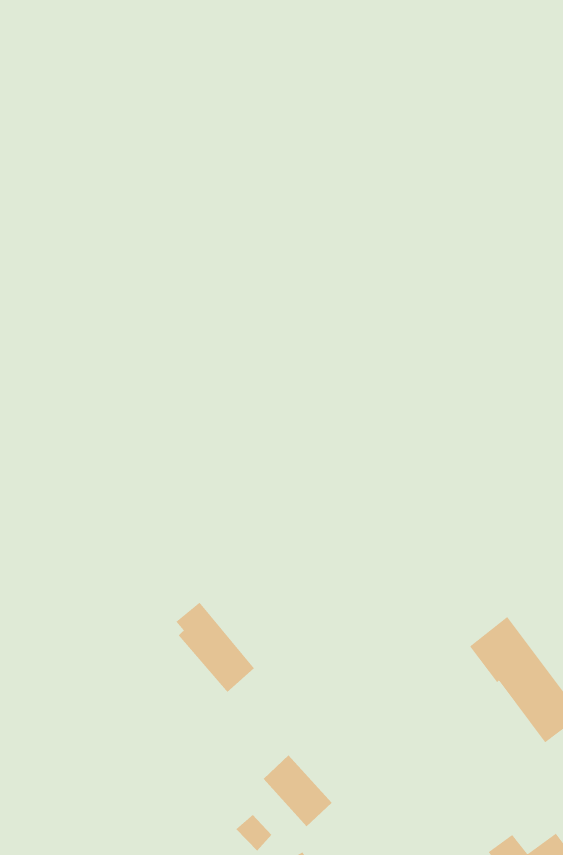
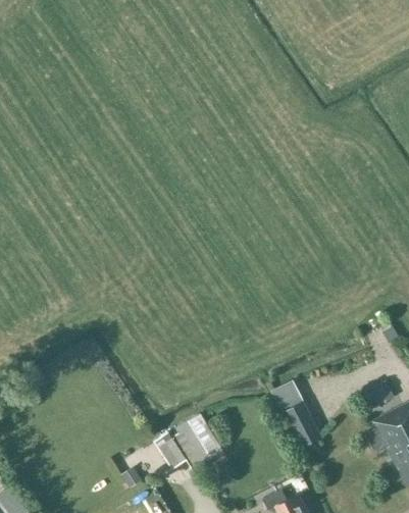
building: [176,602,255,693] -> [173,419,210,468]

